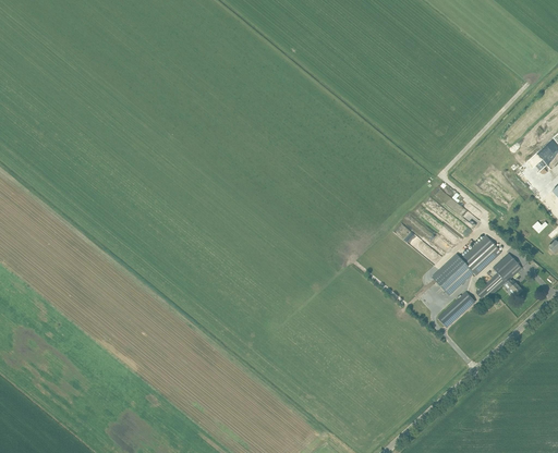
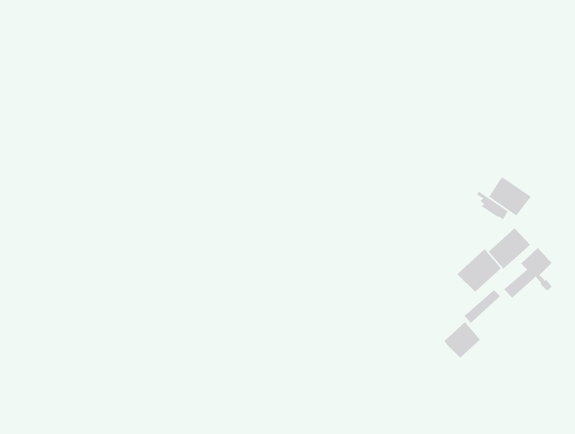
building: none -> [488,176,532,217]
building: none -> [443,321,481,359]

